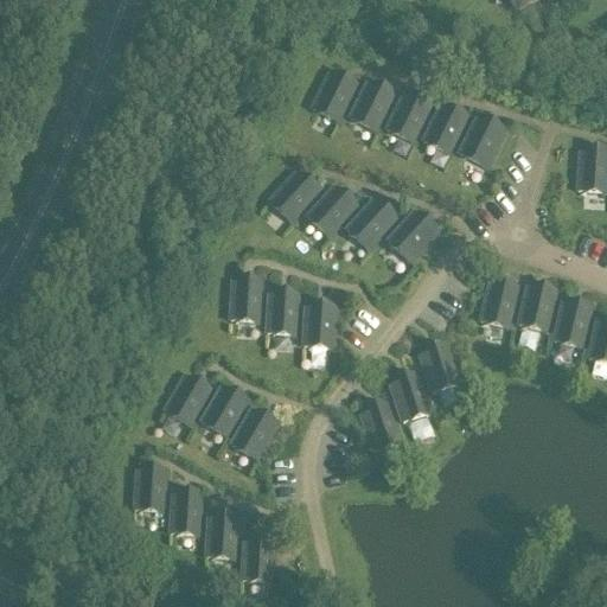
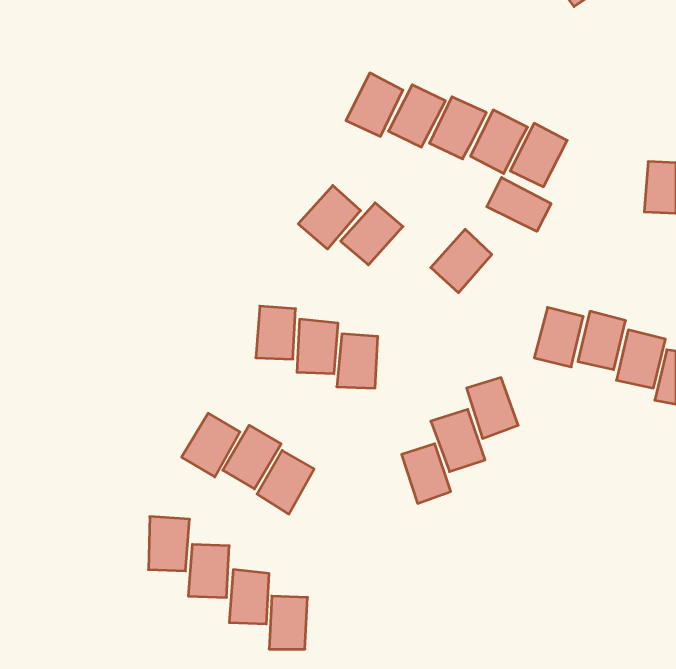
building: none -> [487,177,551,231]
building: [344,194,400,250] -> none

